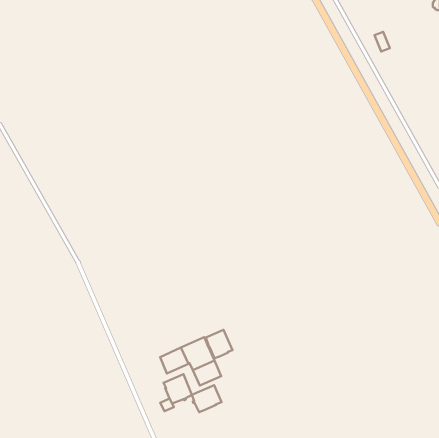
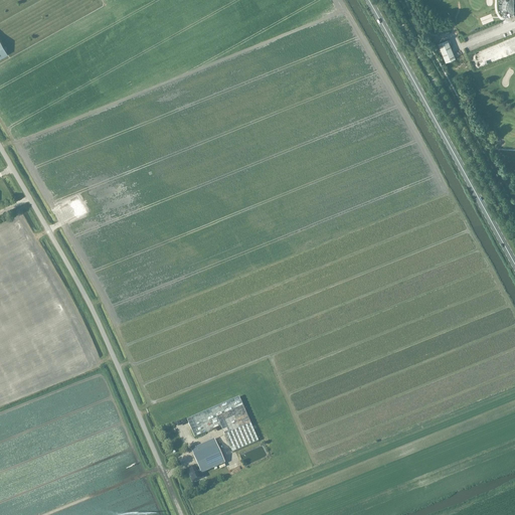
building: [206,330,232,358] -> none
building: [192,385,221,412] -> none

